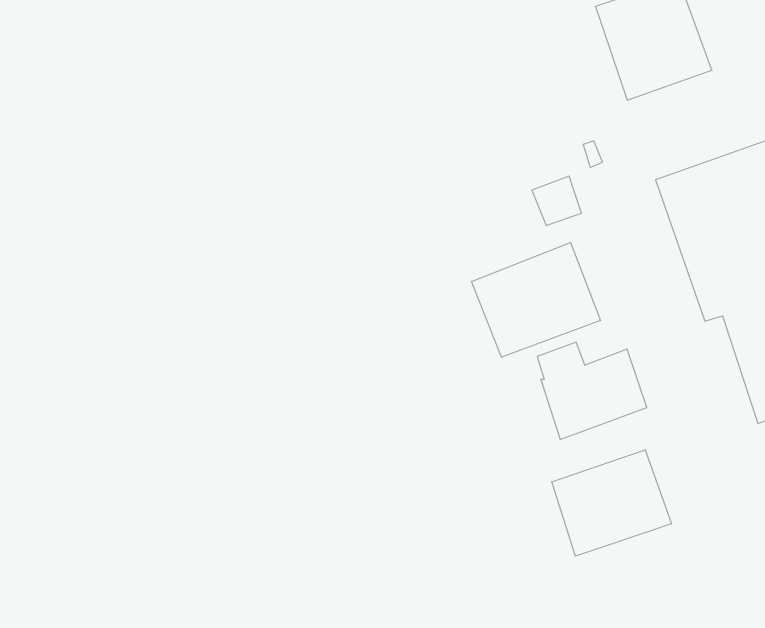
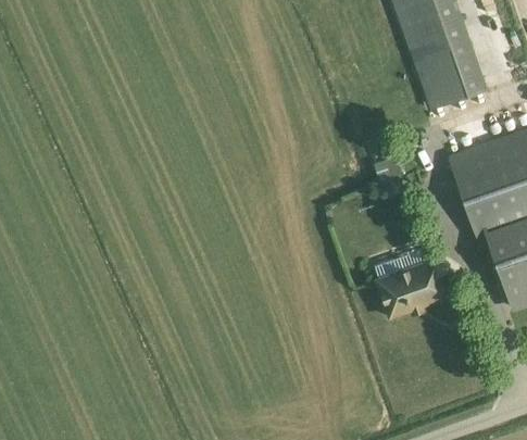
building: [471,242,600,357] -> none
building: [552,450,671,556] -> none

